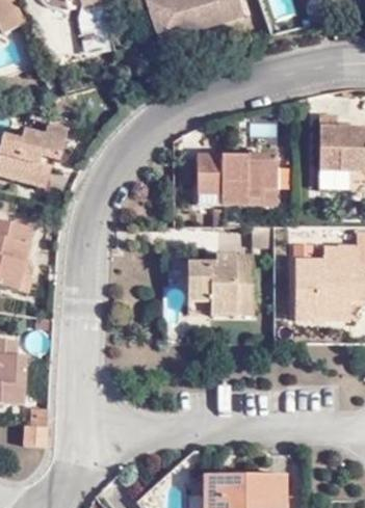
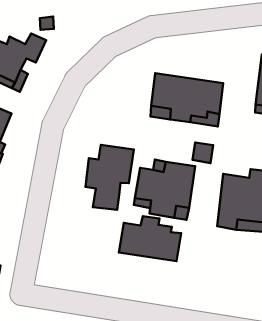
building: none -> [85,145,134,210]
building: none -> [119,216,181,261]

